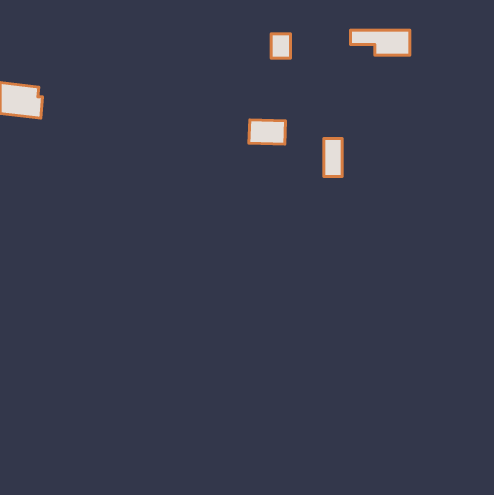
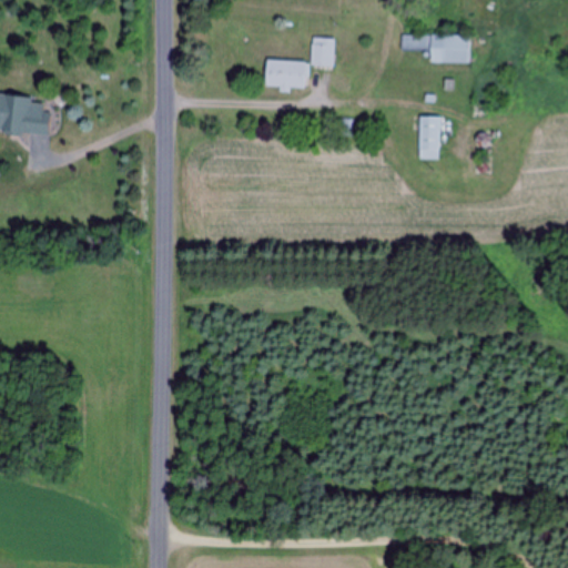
building: [249,120,286,144] -> [265,61,307,89]
building: [324,139,342,176] -> [419,116,440,160]

